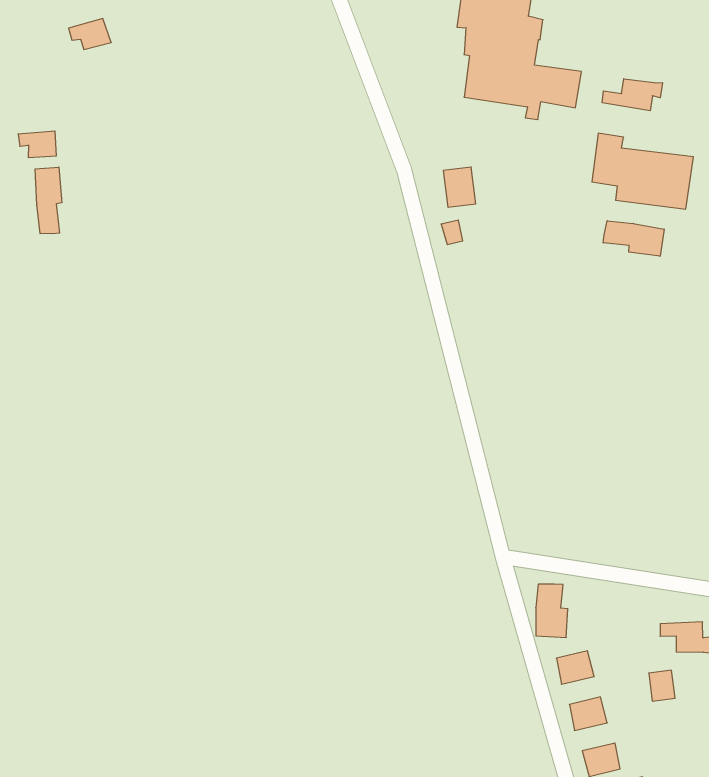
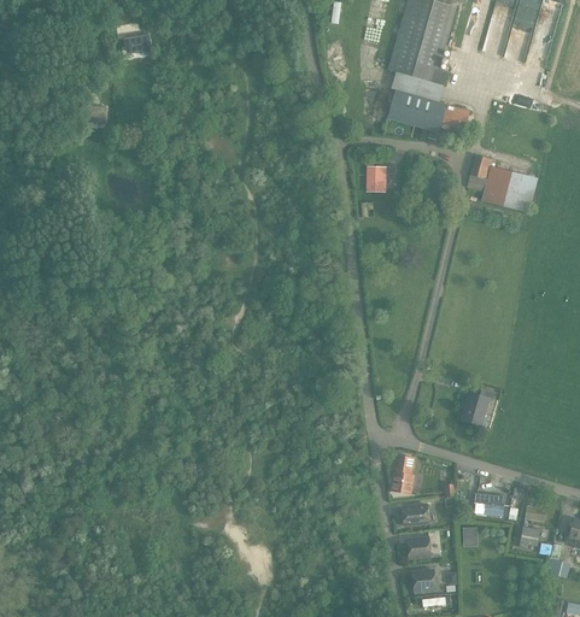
building: [602,79,662,111] -> none
building: [35,167,62,234] -> none
building: [603,221,664,256] -> none
building: none -> [461,387,497,424]

